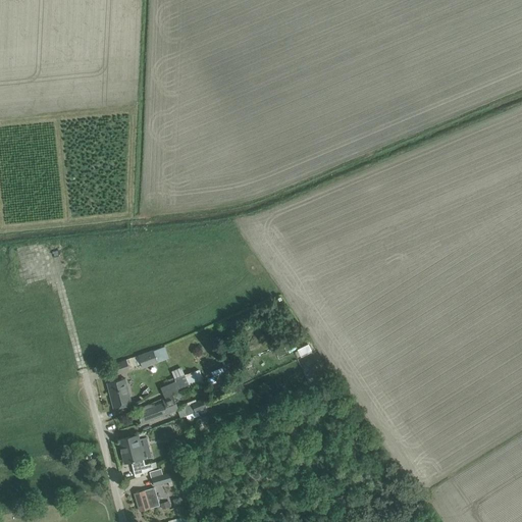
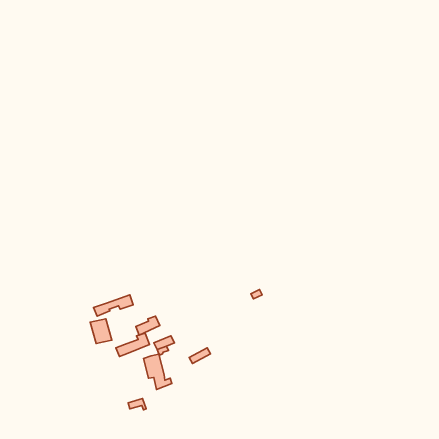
building: [119,434,153,476] -> [143,354,172,389]
building: [135,487,160,511] -> none

